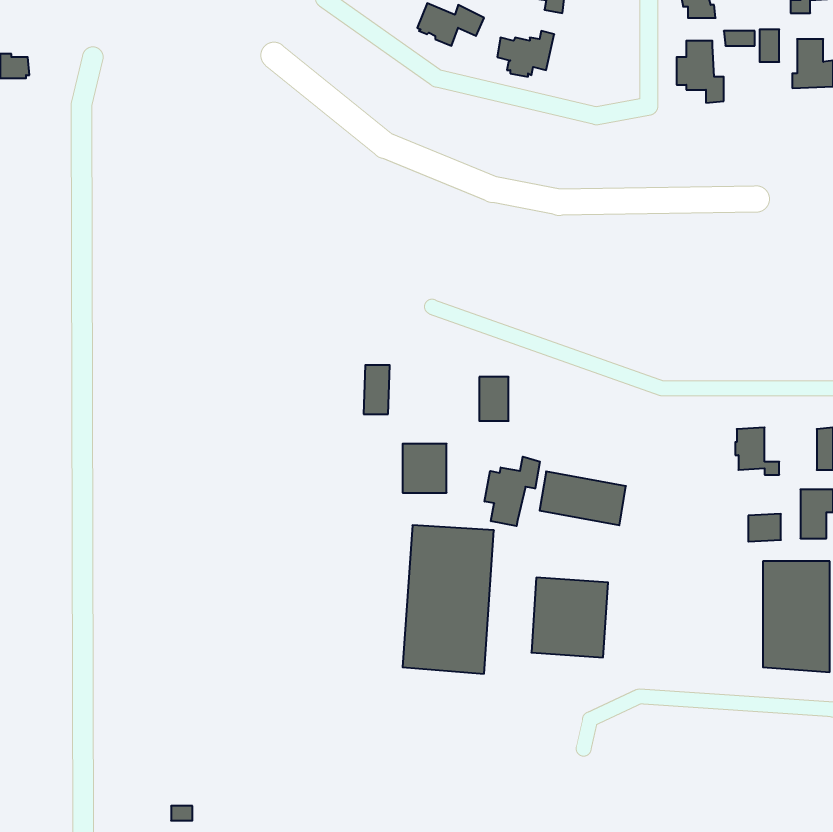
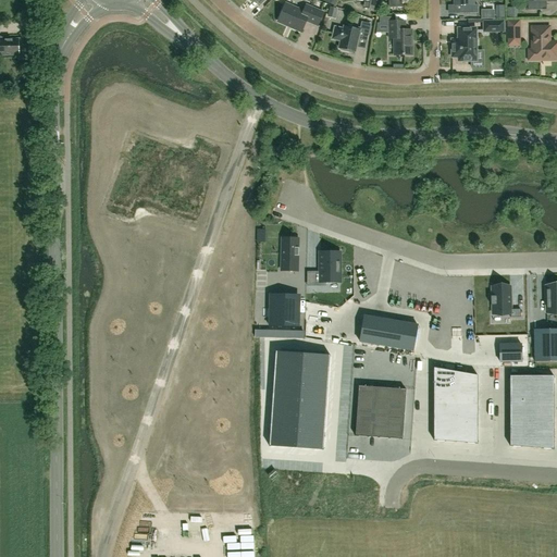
building: none -> [376,21,411,54]
building: [364,365,390,414] -> [281,237,298,270]
building: [485,457,540,526] -> none
building: none -> [433,367,478,443]

